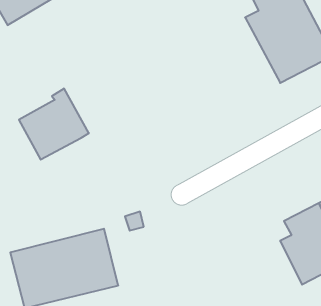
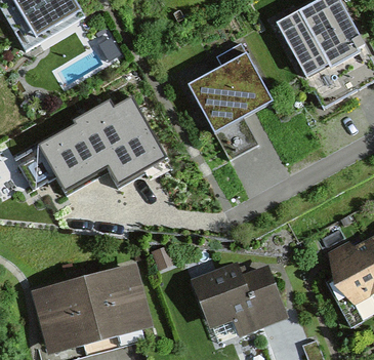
building: none -> [190,41,272,157]
building: none -> [91,97,164,182]
building: none -> [193,262,285,334]

